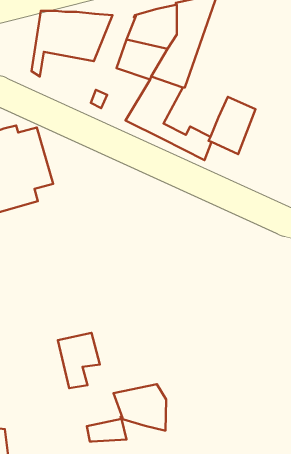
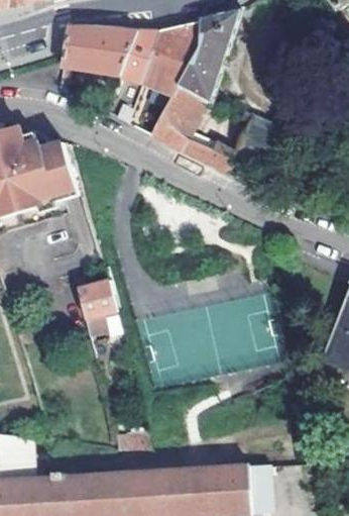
building: none -> [120,30,161,83]
building: [58,333,100,388] -> [77,281,118,335]
building: [113,384,166,430] -> none

